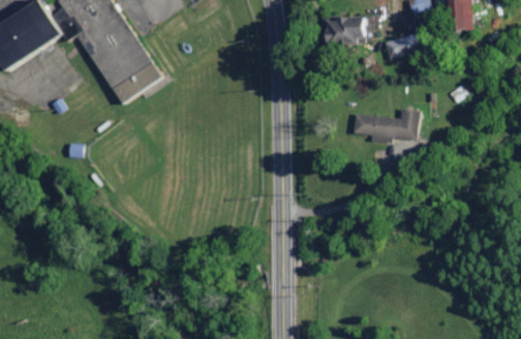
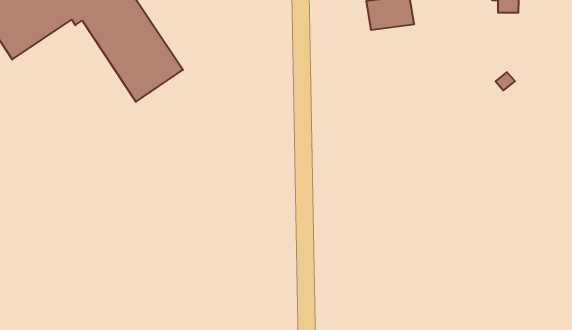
building: [384,32,427,59] -> none
building: [355,105,423,141] -> none

